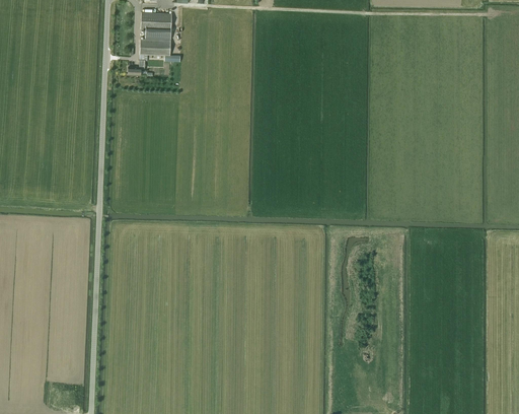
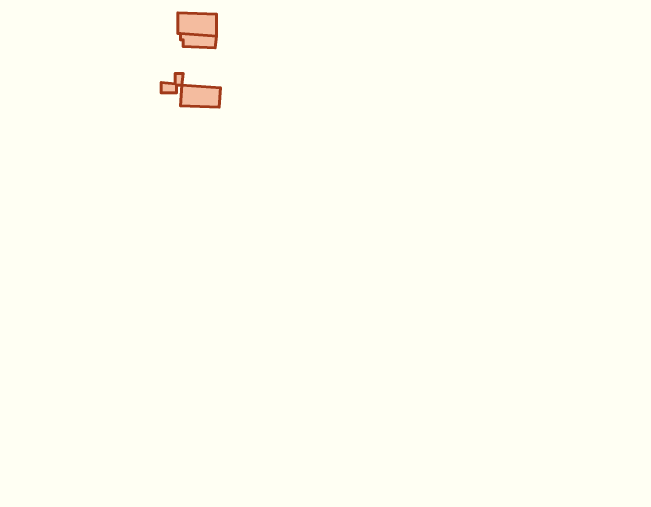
building: [140,39,171,56] -> [180,85,220,107]

